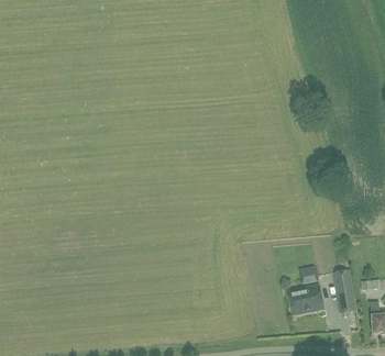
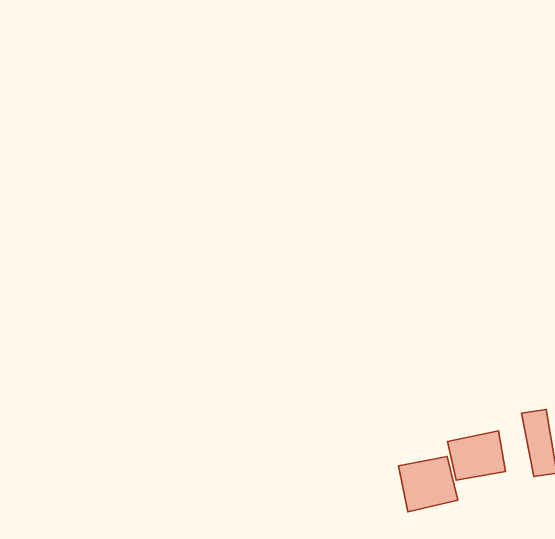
building: none -> [398,457,458,512]

